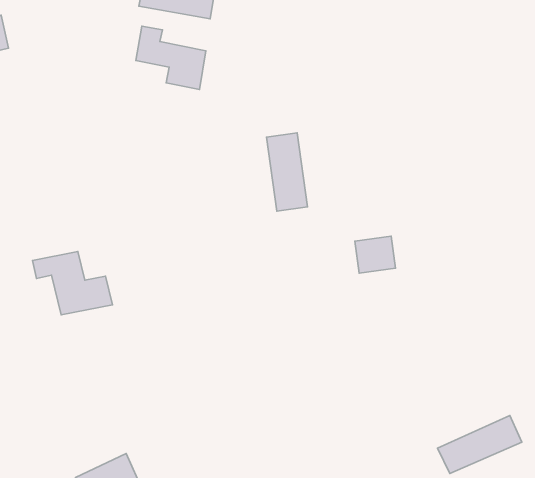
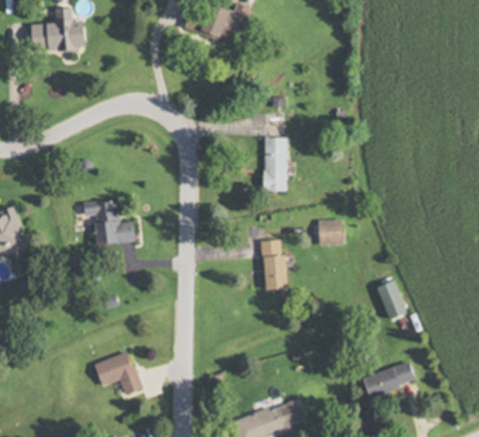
building: [136,26,206,90] -> none
building: none -> [261,239,286,289]
building: none -> [378,281,406,319]

